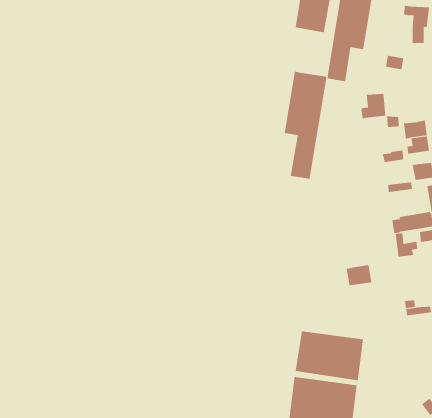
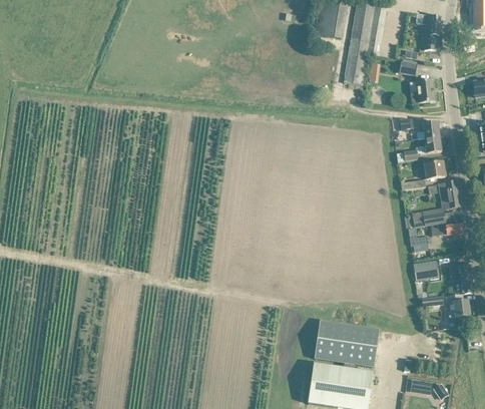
building: [284,71,327,180] -> none
building: [361,93,386,119] -> [411,79,435,103]
building: [346,264,372,286] -> [413,260,438,280]

